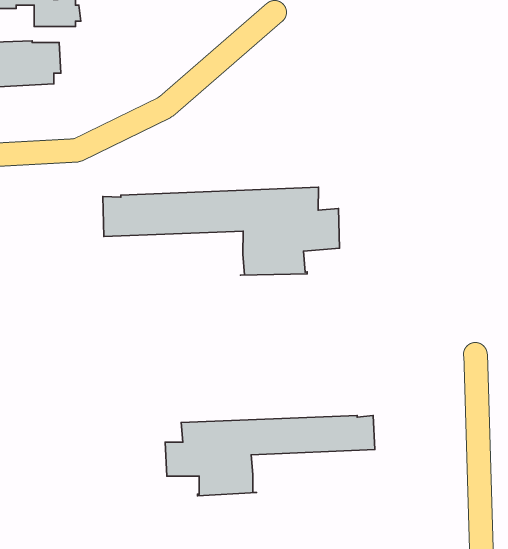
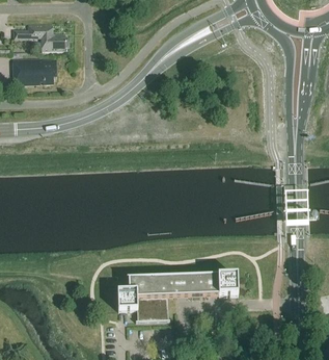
building: [103,187,340,275] -> none

